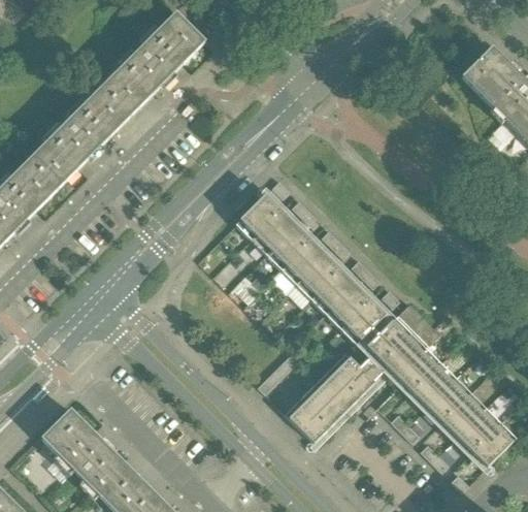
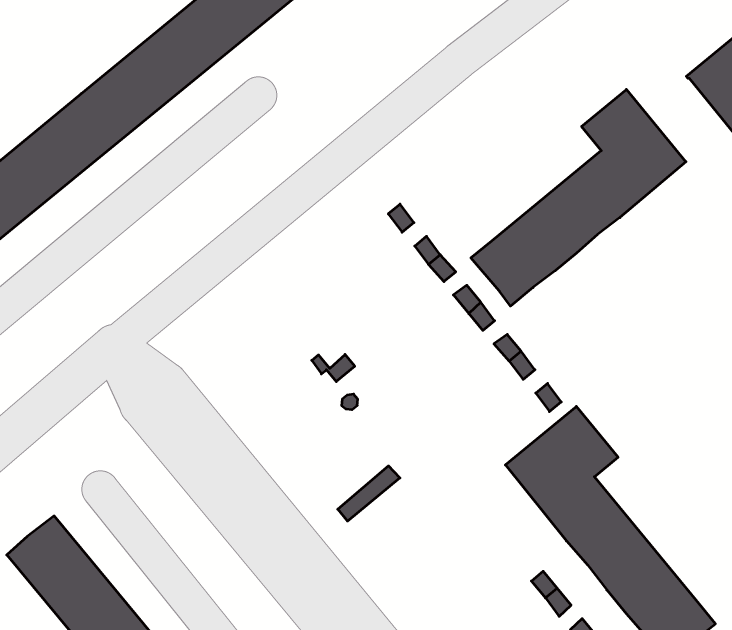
building: none -> [471,89,686,306]
building: [235,194,385,344] -> none
building: [285,352,382,443] -> none

